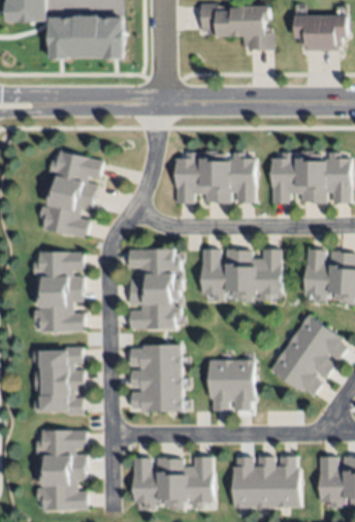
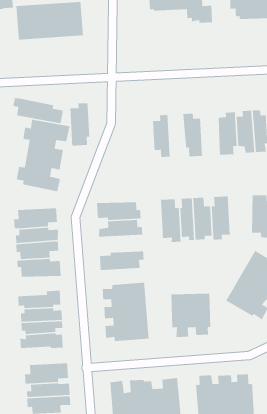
building: none -> [12,98,64,124]
building: [217,154,234,203] -> none
building: [176,155,198,204] -> [70,102,90,146]
building: [129,291,181,308] -> none

